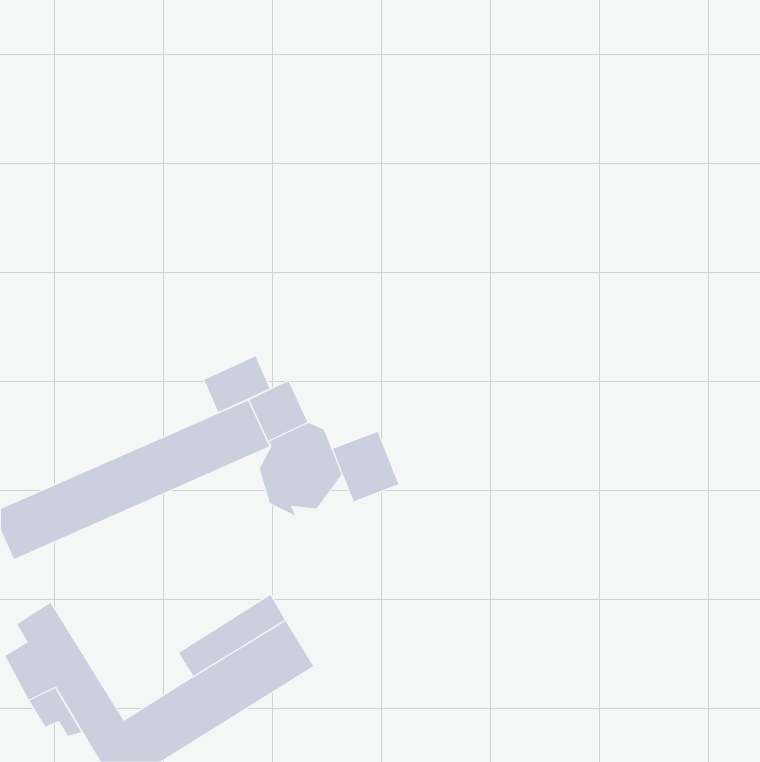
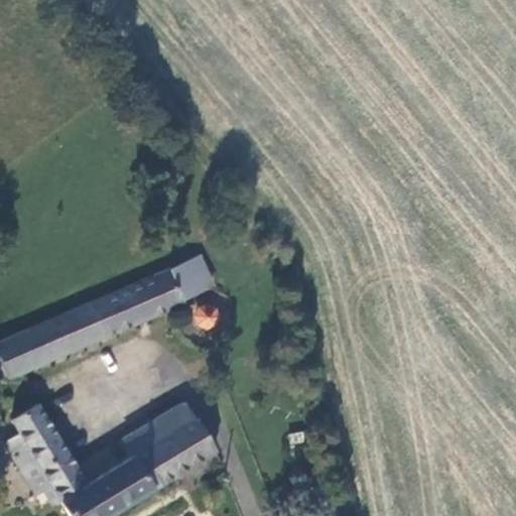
building: [204,355,270,413] -> none
building: [332,431,399,502] -> none

